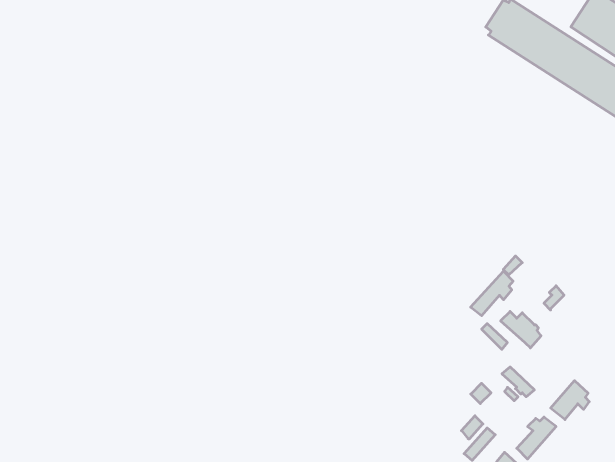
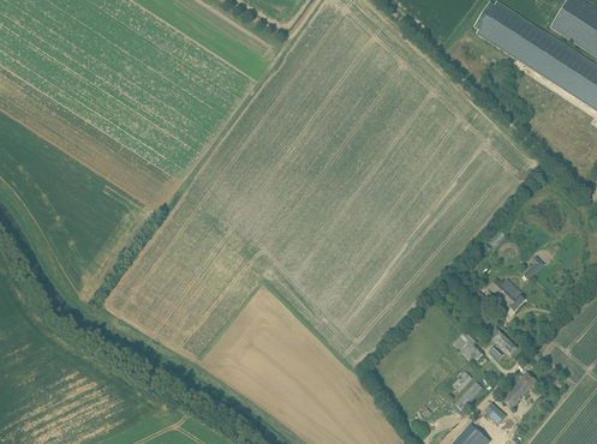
building: [471,271,513,316] -> none
building: [551,381,589,420] -> none

